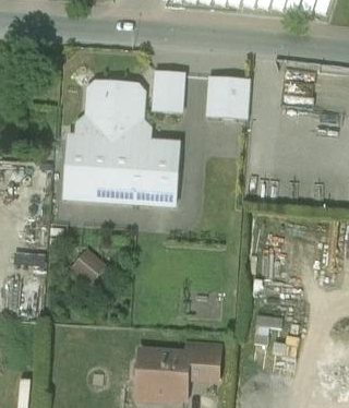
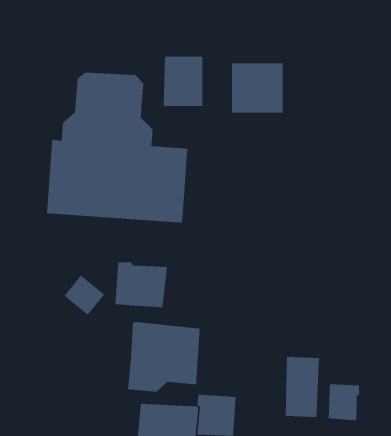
building: none -> [114,261,168,308]
building: none -> [127,321,200,393]
building: none -> [328,384,360,421]

